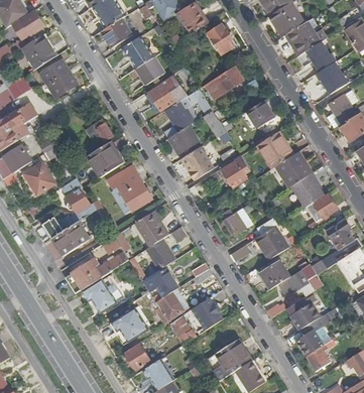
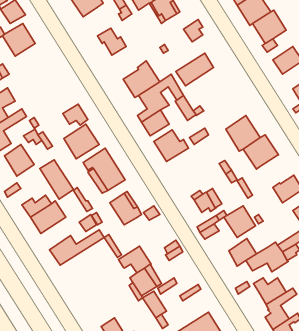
building: [101,17,132,47] -> none
building: [135,57,164,88] -> none
building: [40,59,77,97] -> none
building: [247,101,273,128] -> none
building: [224,155,250,186] -> none
building: [291,173,324,207] -> none
building: [146,239,175,270] -> none
building: [83,275,116,311] -> none
building: [112,306,148,343] -> none

